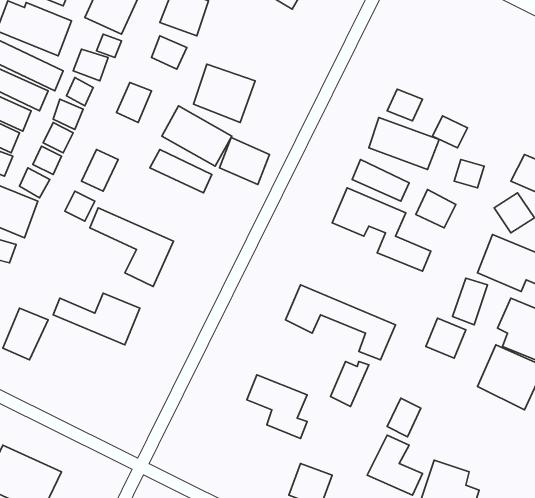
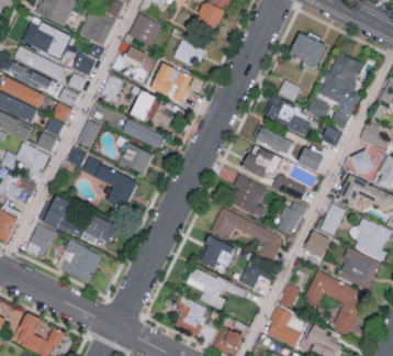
building: none -> [289,32,327,67]
building: none -> [175,40,206,67]
building: none -> [319,52,364,126]
building: [220,138,270,184] -> [121,143,154,174]
building: none -> [232,175,268,218]
building: none -> [43,194,71,229]
building: none -> [279,200,305,235]
building: none -> [200,236,235,272]
building: none -> [57,241,103,283]
building: none -> [304,271,367,334]
building: none -> [175,296,212,335]

